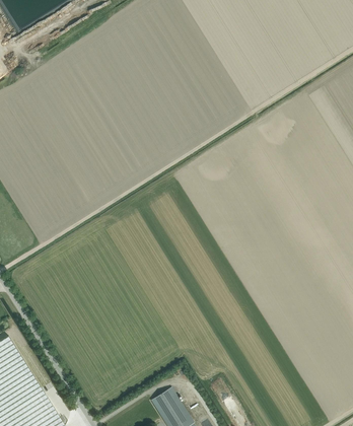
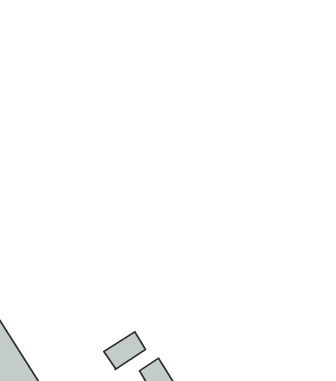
building: none -> [104,332,145,369]

